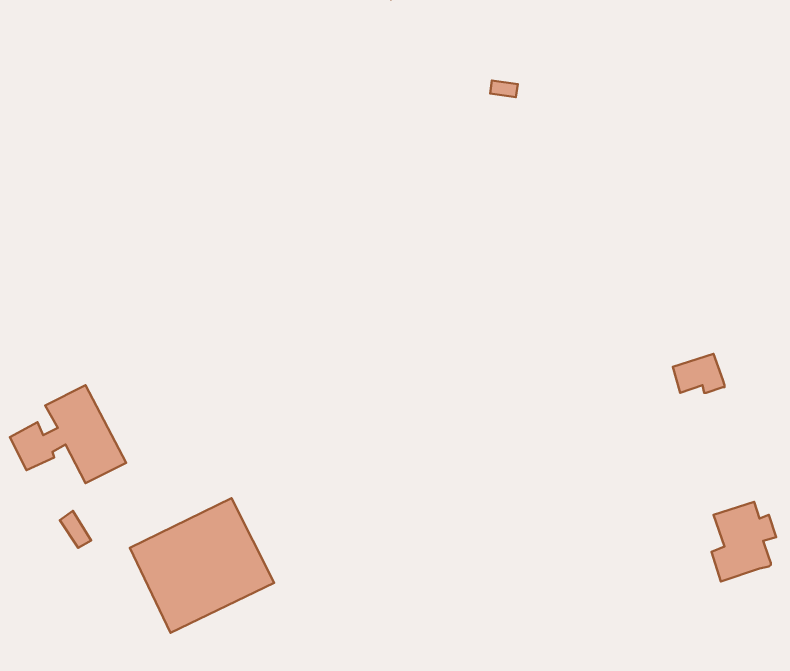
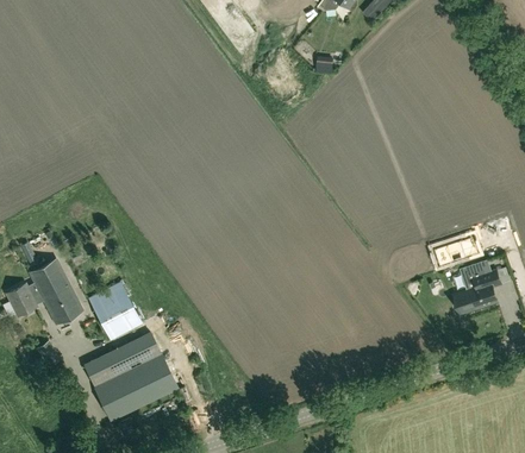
building: none -> [89,283,142,340]
building: [712,502,776,581] -> [460,262,501,313]

